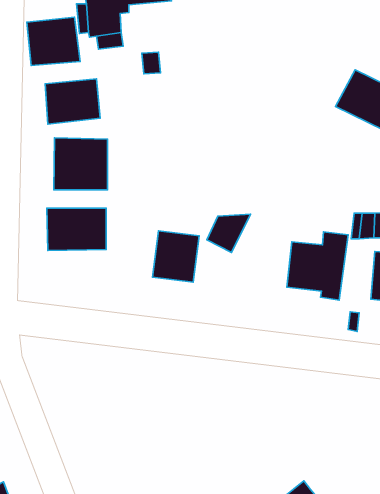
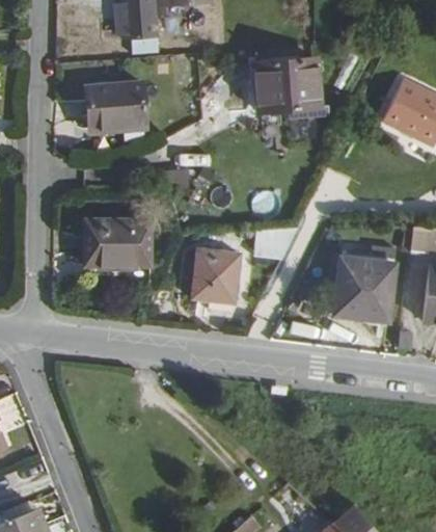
building: [27,17,80,66] -> none
building: none -> [248,59,321,116]
building: [54,138,107,190] -> none

